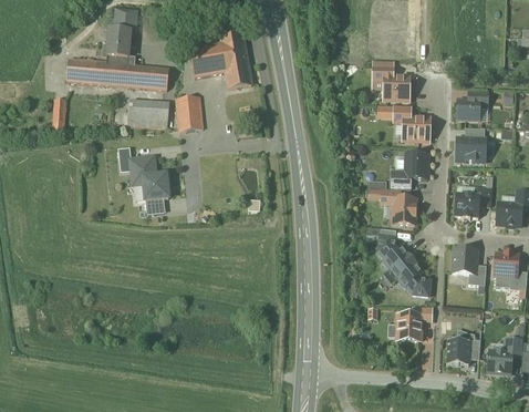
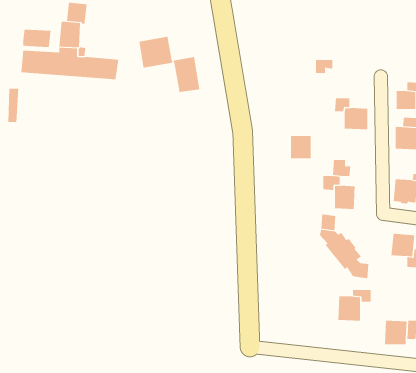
building: [219,32,248,69] -> none
building: none -> [23,29,51,48]
building: [384,76,408,100] -> none
building: [176,95,203,130] -> none
building: [128,101,169,126] -> none
building: [405,154,427,178] -> [290,135,311,159]
building: [129,156,168,198] -> none

